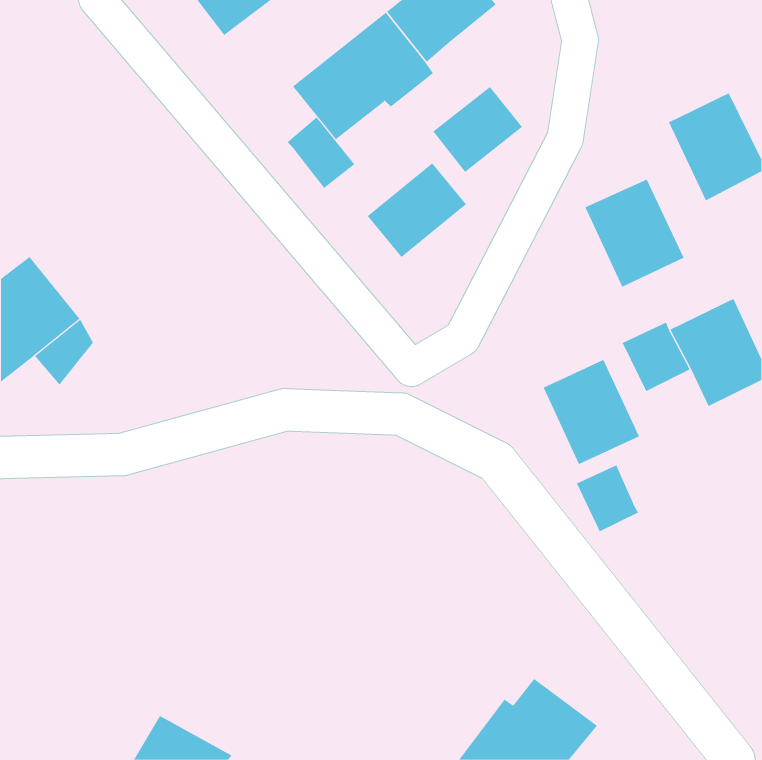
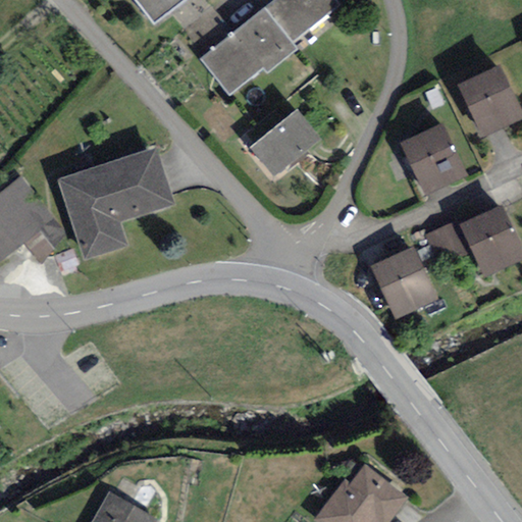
building: [433,86,523,173] -> none
building: [287,116,355,189] -> none
building: none -> [57,148,174,259]
building: [576,465,639,532] -> none

